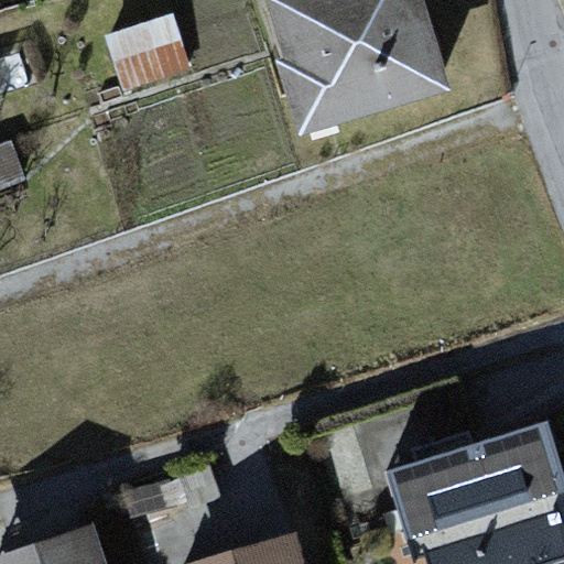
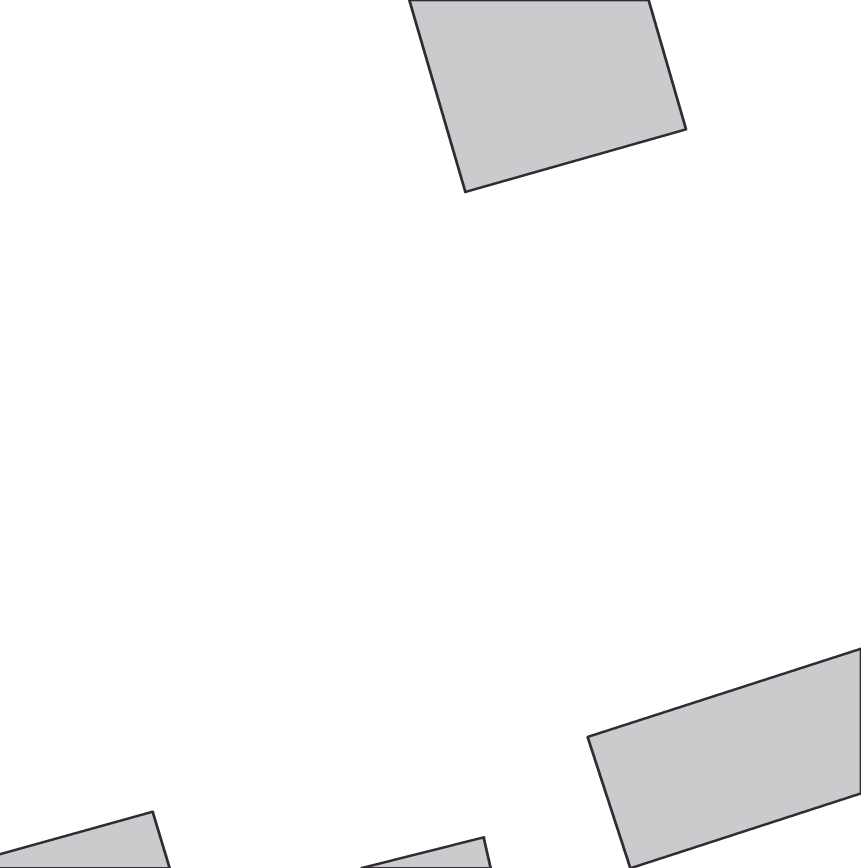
building: [101,13,196,106] -> none

